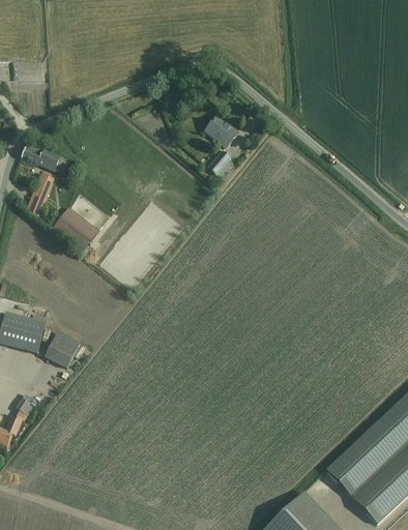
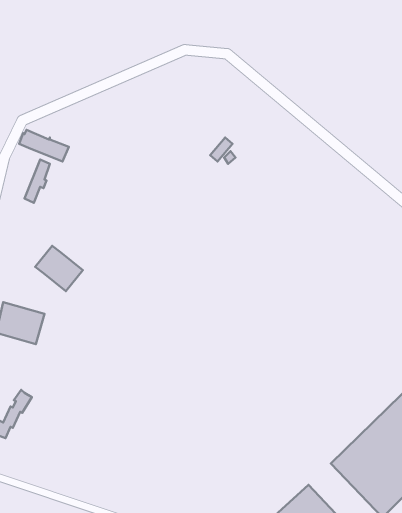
building: [205,115,238,147] -> none
building: [52,207,98,252] -> [35,246,83,291]
building: [45,330,80,367] -> none

